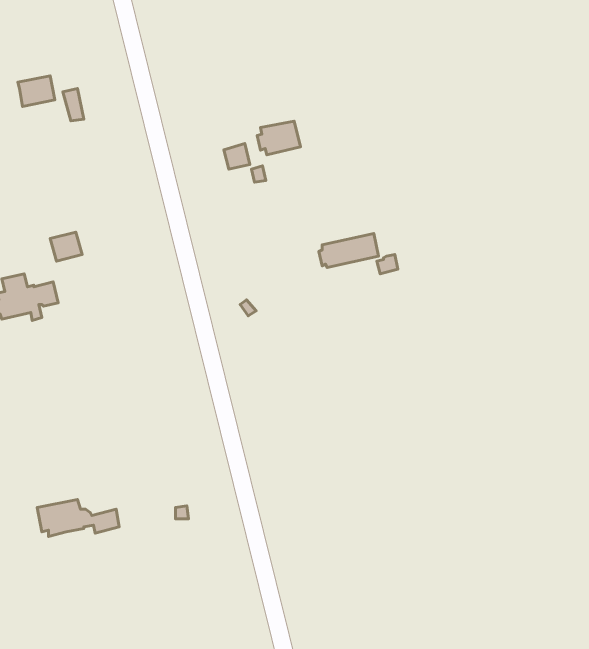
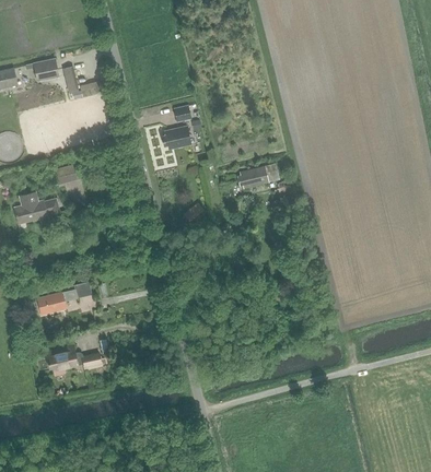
building: [257,121,301,155] -> [161,126,190,149]
building: none -> [36,281,91,315]

